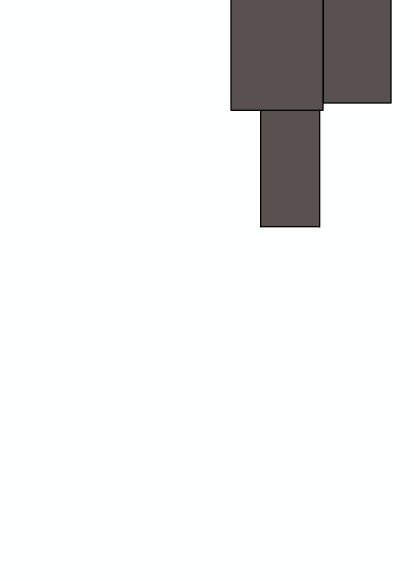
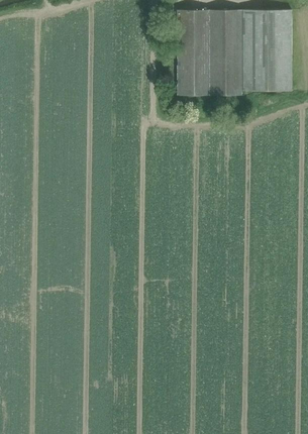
building: [261,110,320,227] -> none

